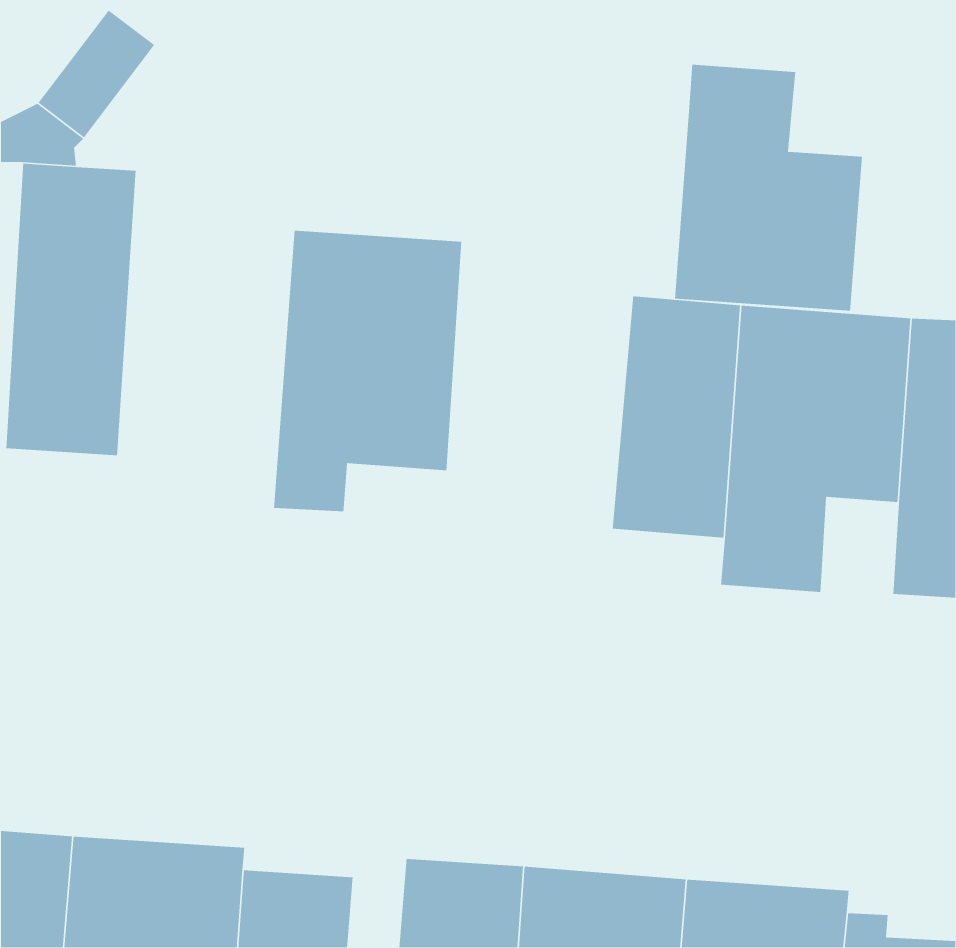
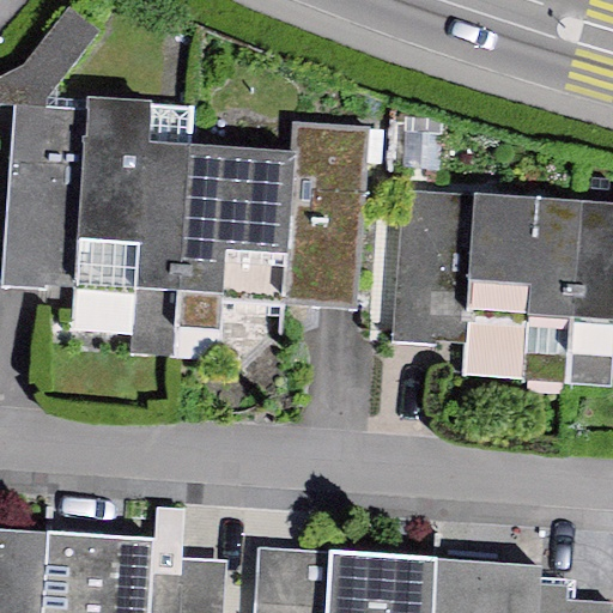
building: [674,64,863,311] -> none
building: none -> [75,99,188,358]
building: none -> [286,122,368,306]

